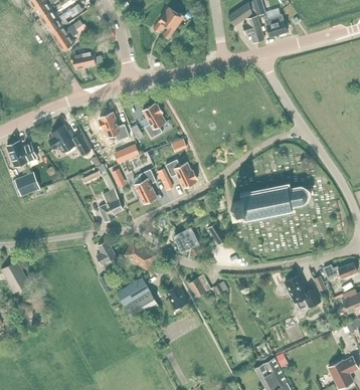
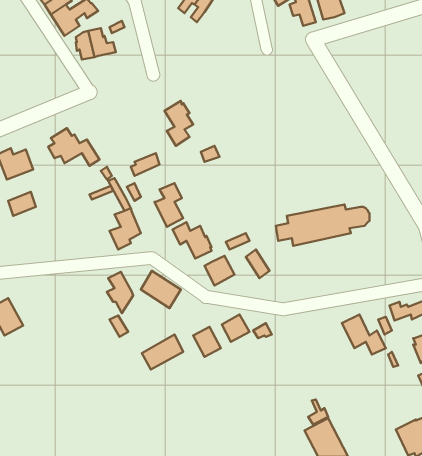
building: [99,112,129,141] -> none
building: [165,159,196,188] -> [173,222,211,258]
building: [117,276,150,306] -> none

